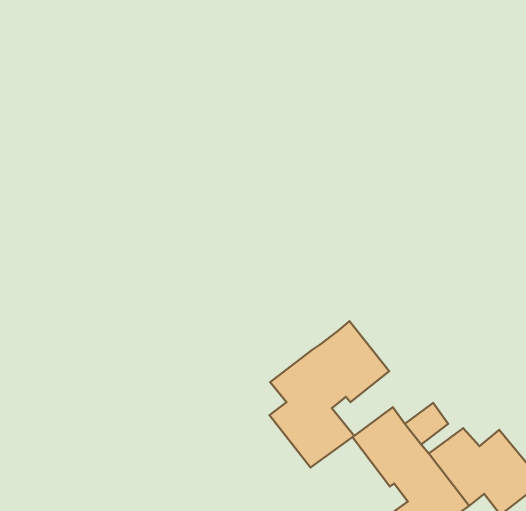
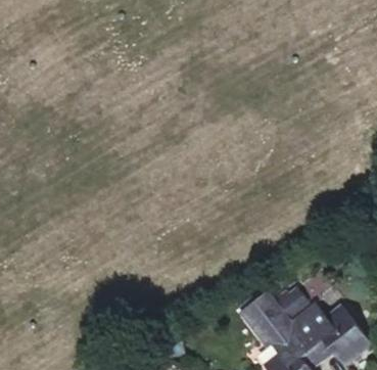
building: [269,321,389,468] -> none

